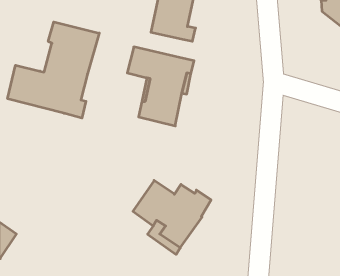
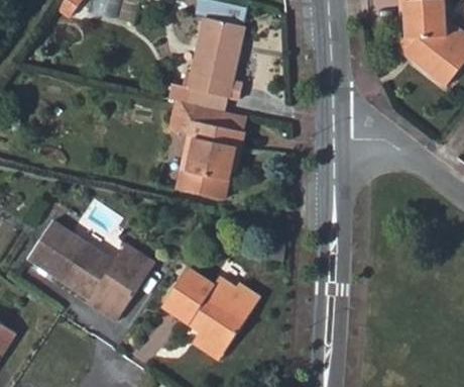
building: [8,22,99,118] -> none
building: none -> [160,75,229,111]
building: none -> [35,218,158,320]

